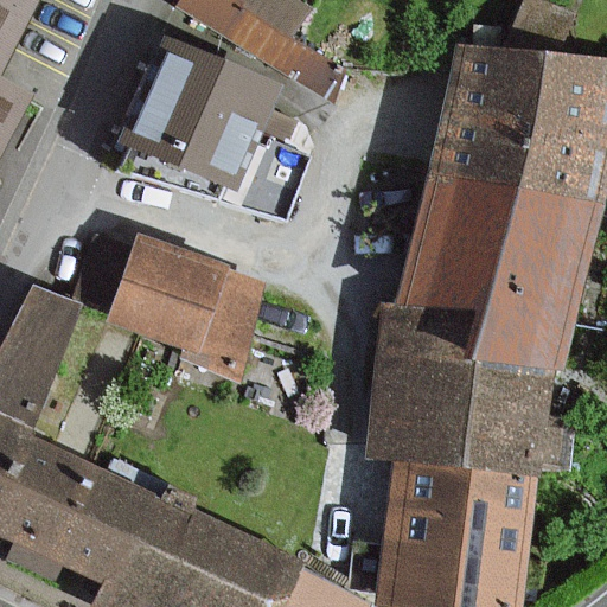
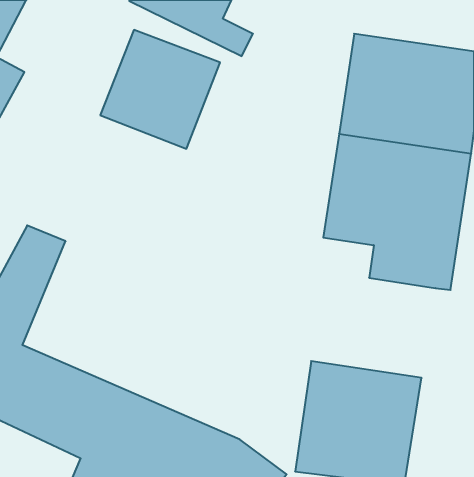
building: [72,222,267,364] -> none
building: [362,299,551,480] -> none

